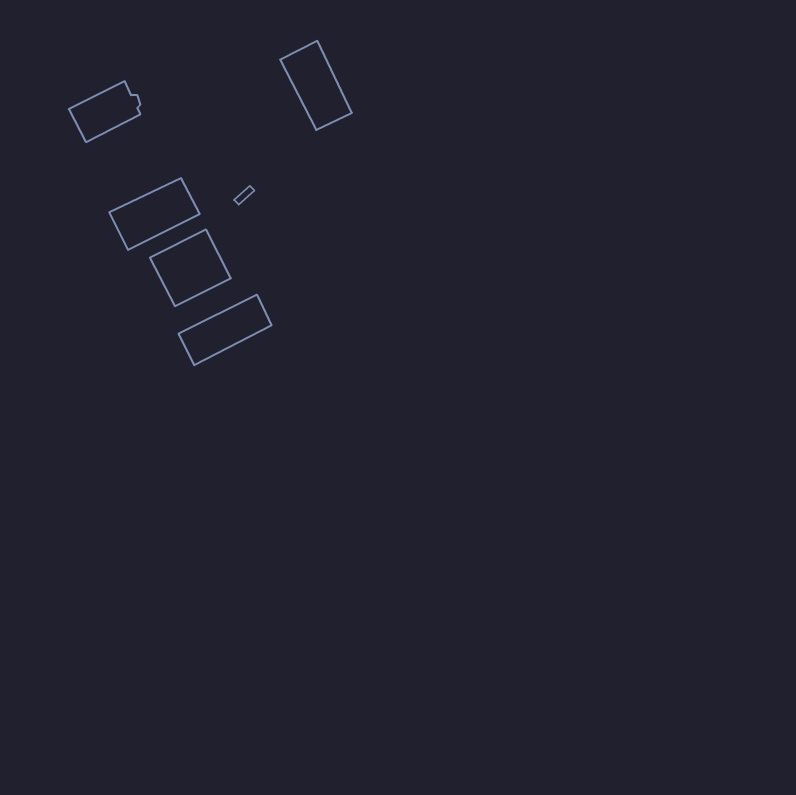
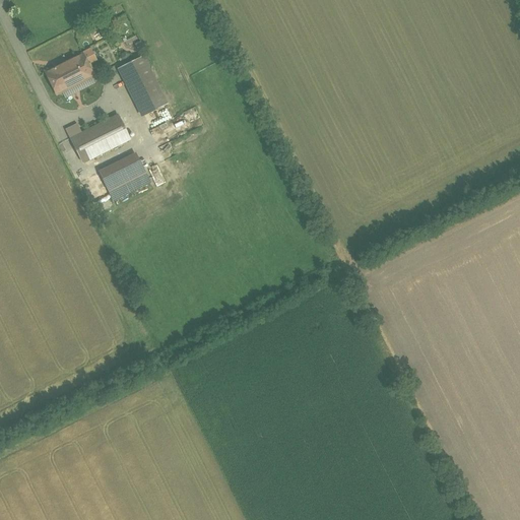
building: [280,41,352,130] -> [119,57,166,115]
building: [179,295,271,365] -> none

